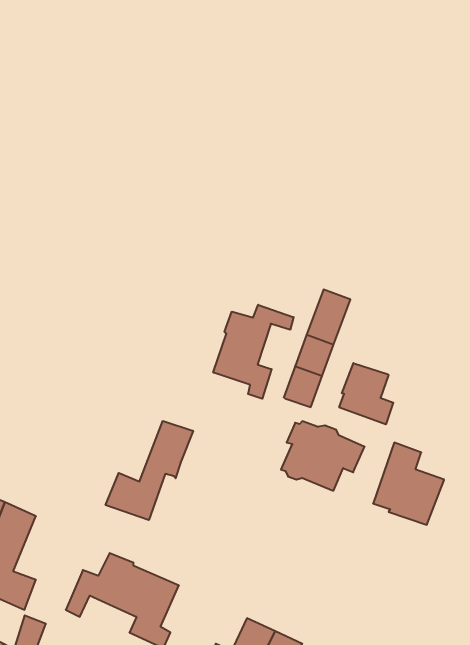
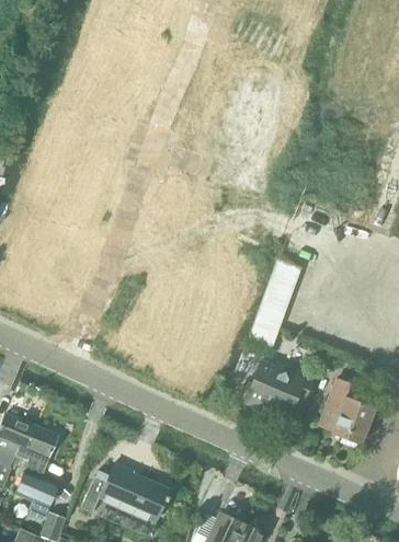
building: [213,305,294,399] -> none
building: [339,363,393,424] -> none
building: [106,421,193,520] -> none

